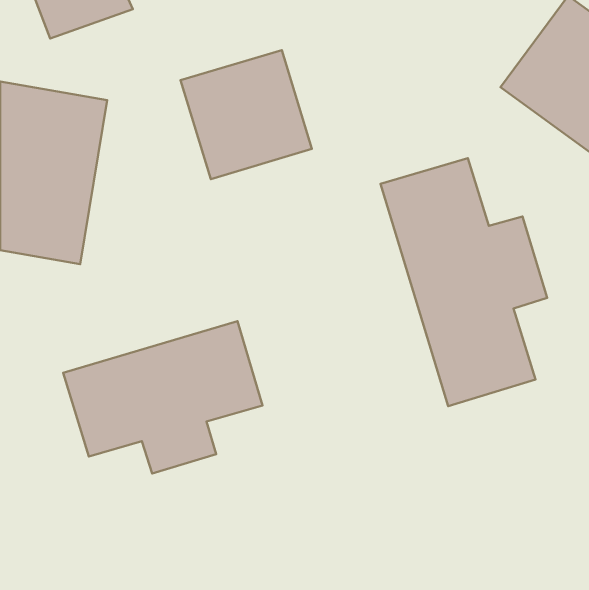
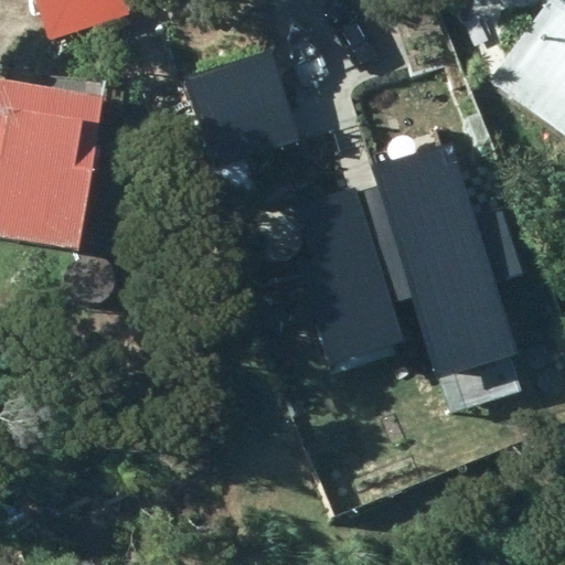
building: none -> [288,191,399,367]
building: [63,321,262,473] -> none

